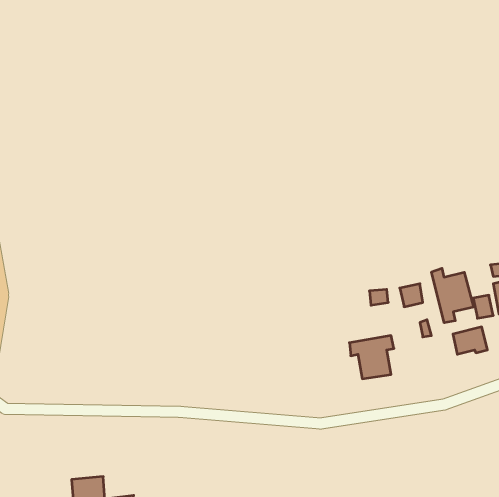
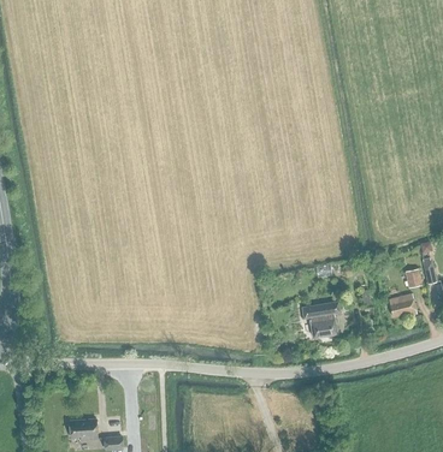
building: [432,268,473,323] -> none

